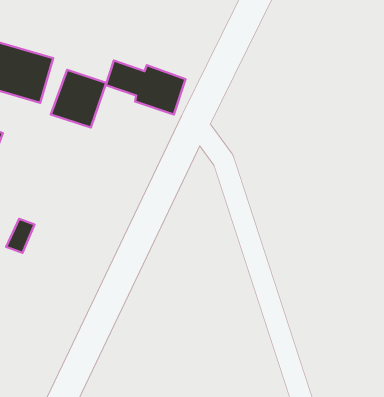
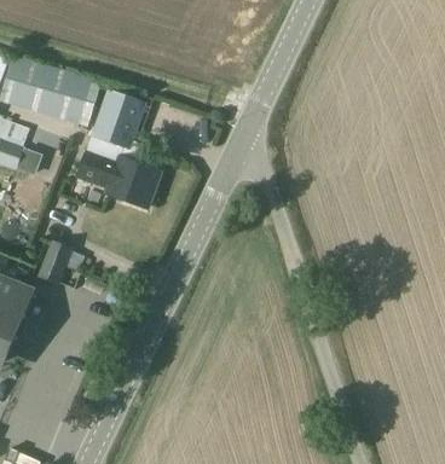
building: [106,60,186,114] -> [76,150,158,205]

